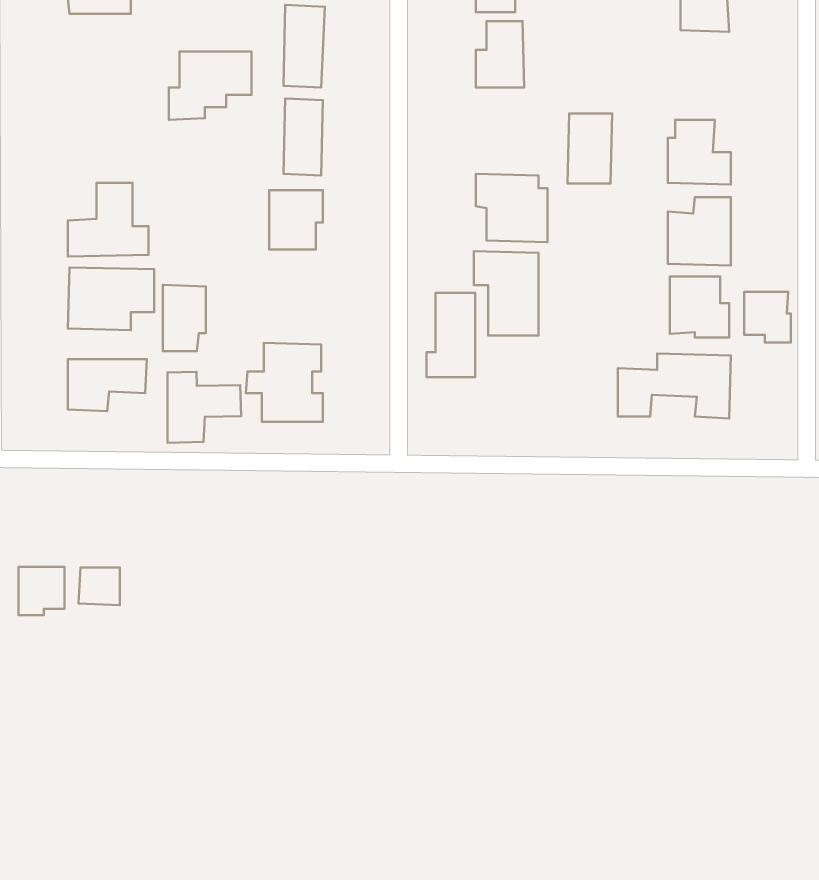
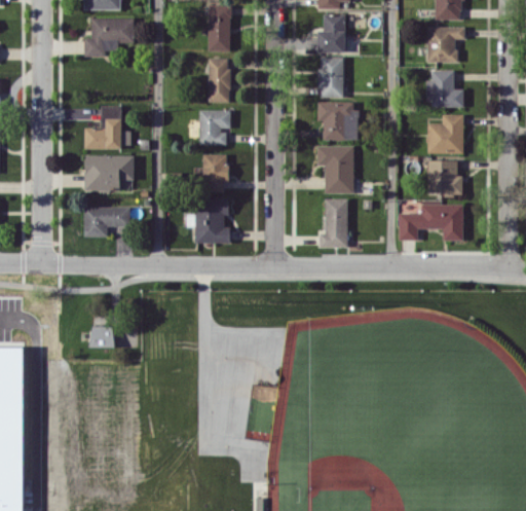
building: none -> [427,27,464,62]
building: [169,52,251,120] -> [85,17,133,57]
building: [567,114,612,184] -> [318,57,344,97]
building: [163,285,206,351] -> [203,153,228,191]
building: [744,292,791,343] -> none
building: [427,293,475,377] -> [320,198,347,247]
building: [167,372,241,443] -> none
building: [19,567,65,615] -> none

